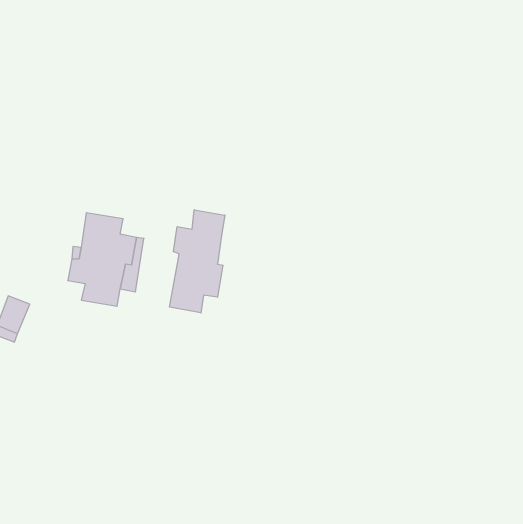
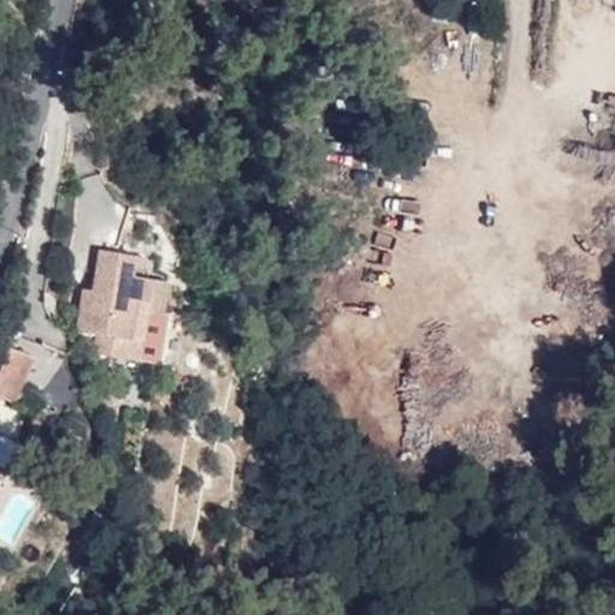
building: [170,210,225,313] -> none

